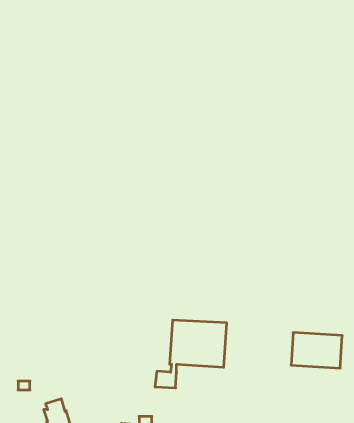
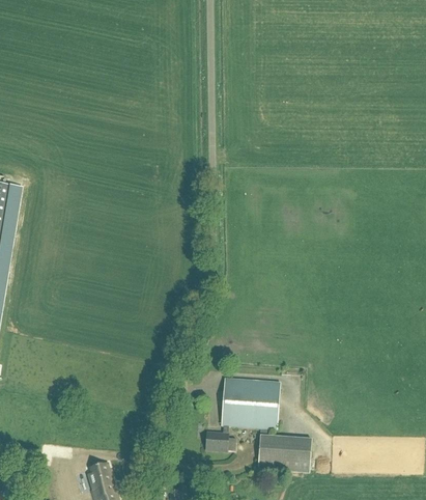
building: [291,333,342,368] -> [257,435,311,472]

